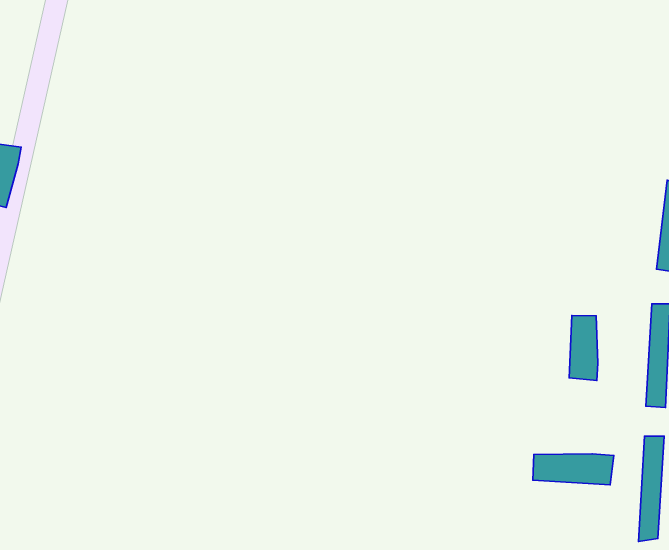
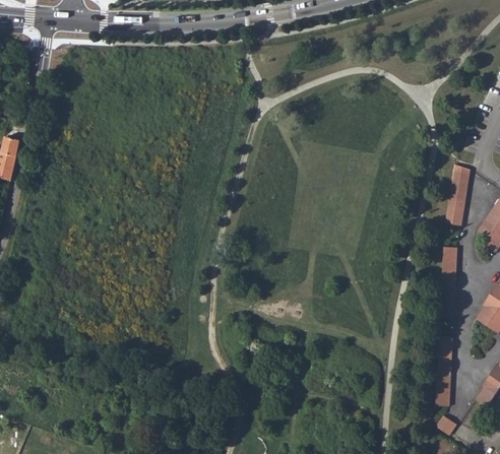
building: [569,315,598,381] -> none
building: [533,454,614,485] -> none

